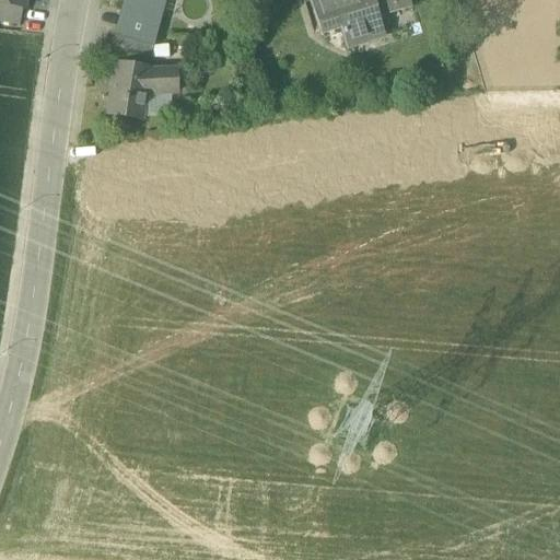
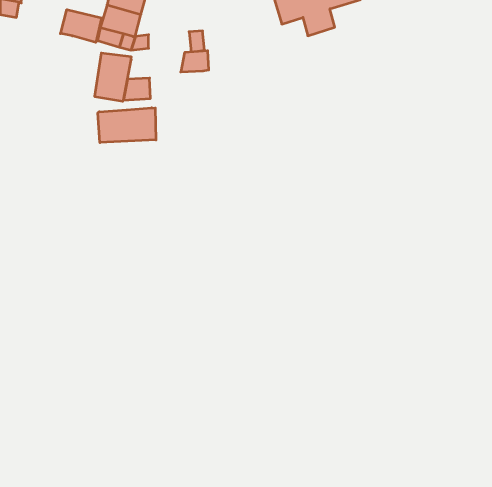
building: none -> [60,10,102,42]
building: [145,66,177,90] -> [181,51,209,72]
building: none -> [98,108,156,143]

